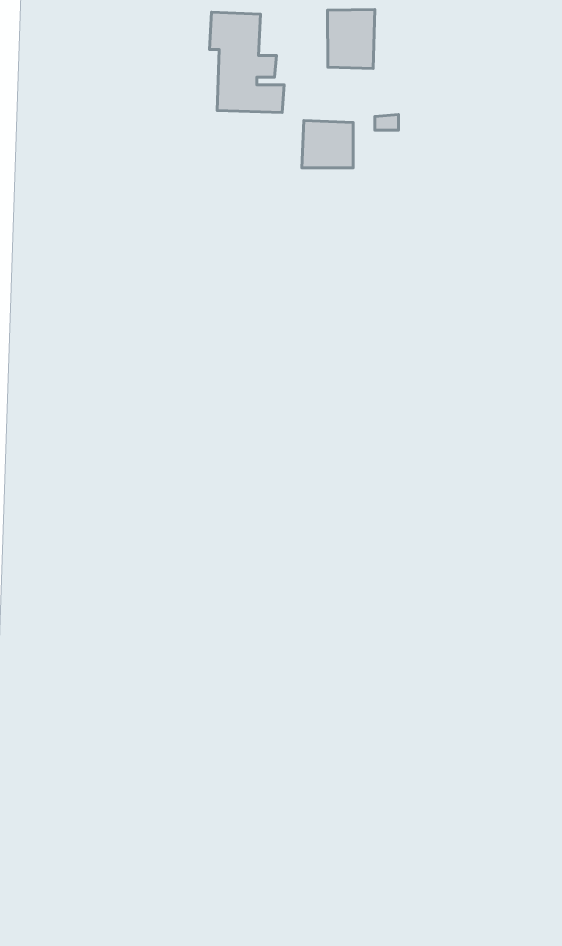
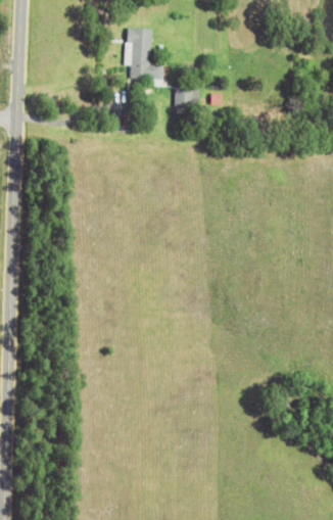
building: [328,9,375,69] -> none

